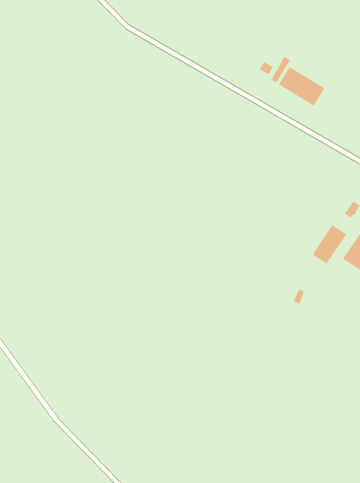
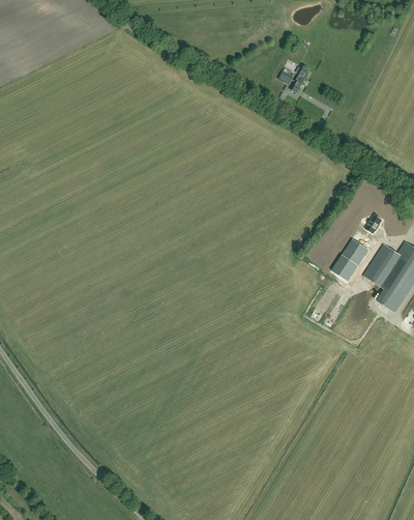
building: [278,66,325,106] -> none

